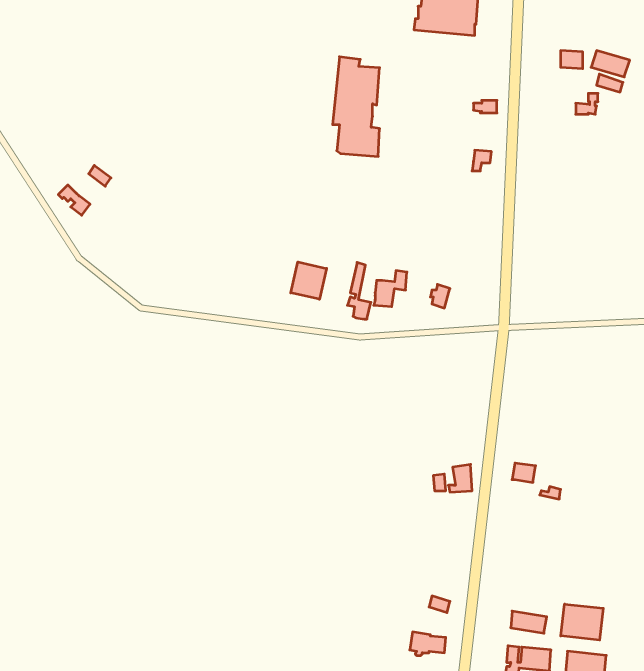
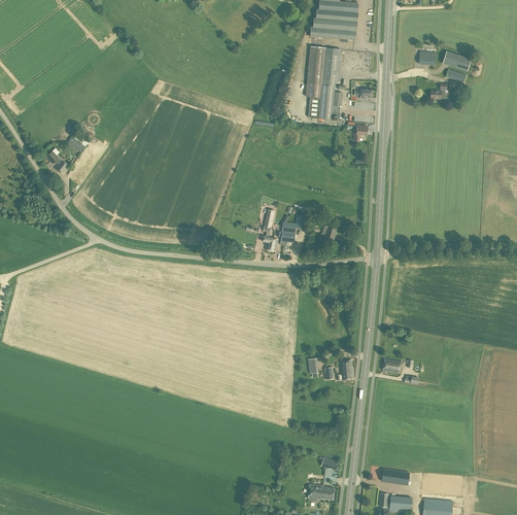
building: [333,57,380,156] -> [305,45,340,119]
building: [291,262,327,299] -> none
building: [561,604,603,640] -> none

